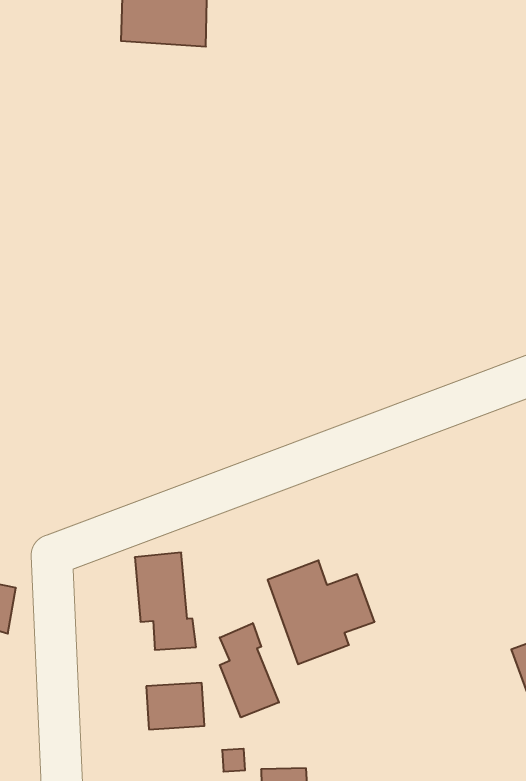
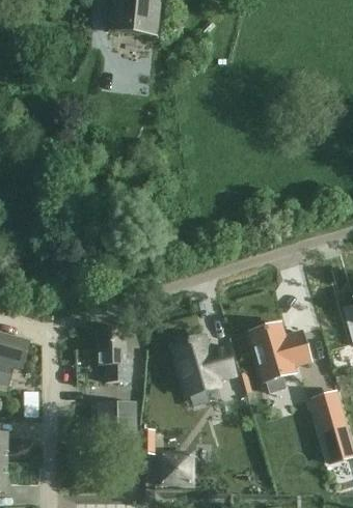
building: none -> [250,323,310,383]
building: [220,623,279,717] -> none

